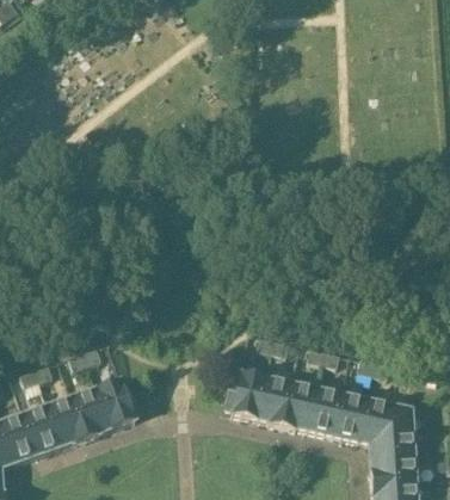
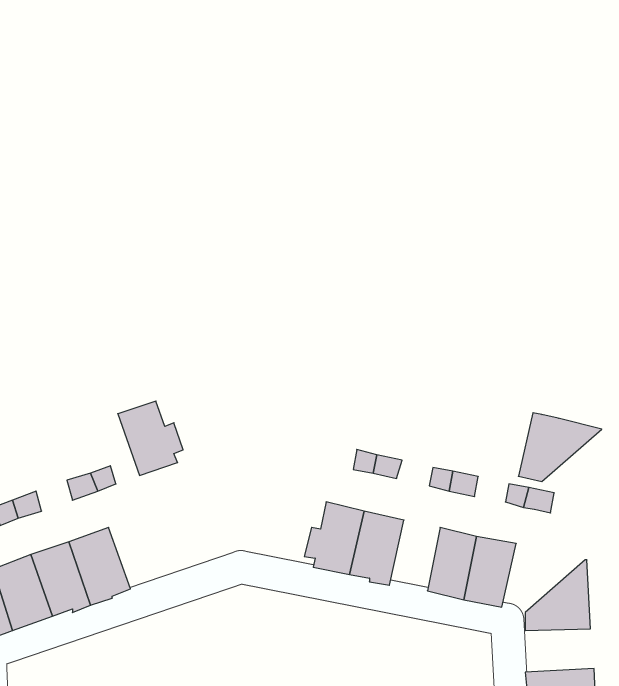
building: [95,377,138,426] -> [118,401,183,475]
building: [281,381,314,427] -> none
building: [355,396,409,442] -> [518,413,602,482]
building: [370,452,415,481] -> none

